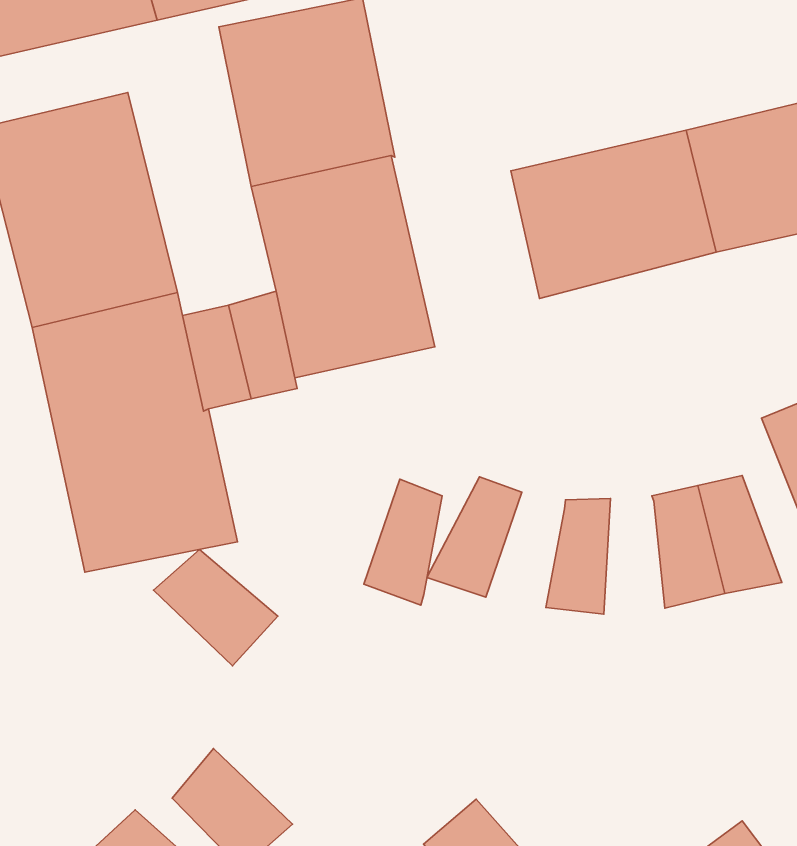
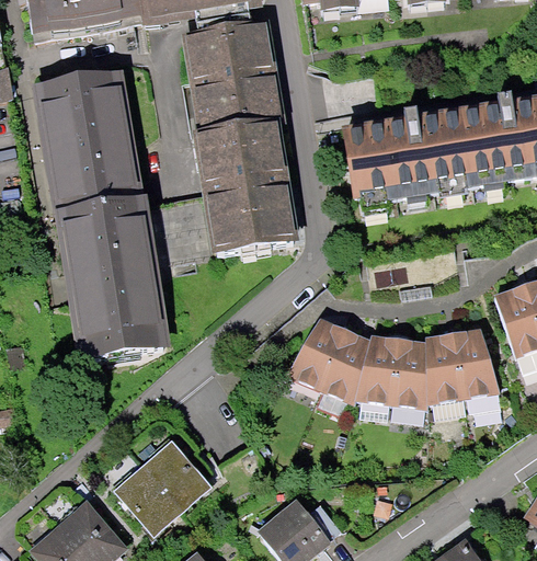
building: [364,479,442,605] -> [318,327,369,404]
building: none -> [389,334,426,409]
building: [154,549,278,666] -> [146,447,220,519]

